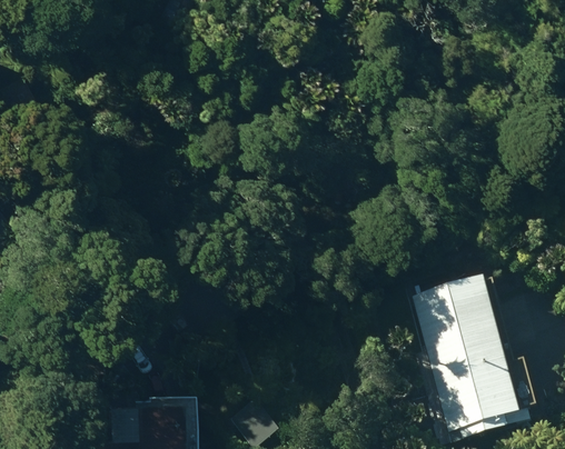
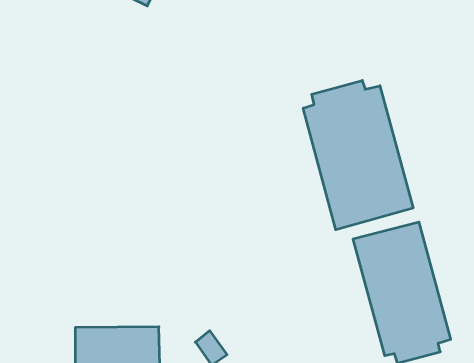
building: none -> [303,80,413,230]

